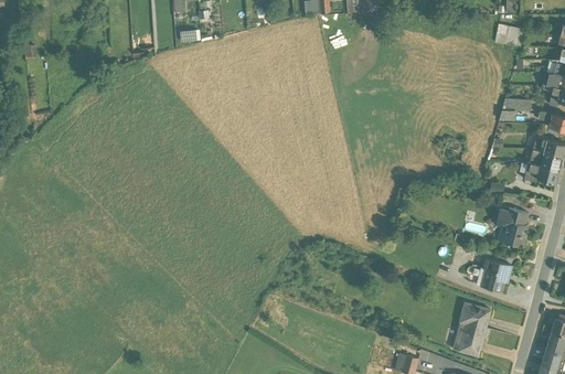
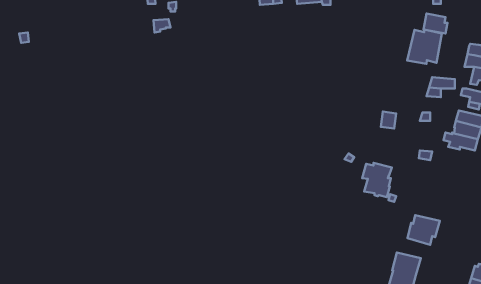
building: none -> [407,30,442,64]
building: [494,206,529,246] -> [362,163,392,197]

